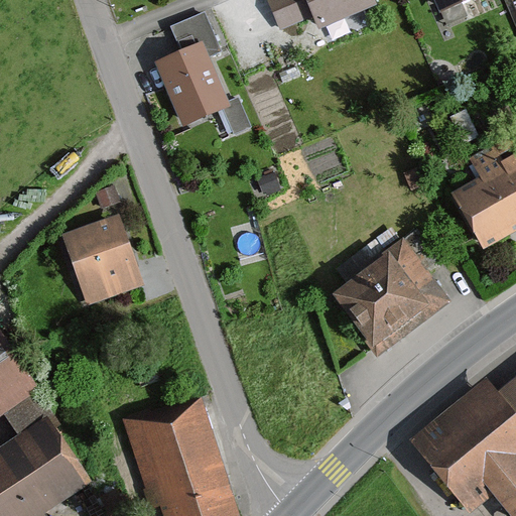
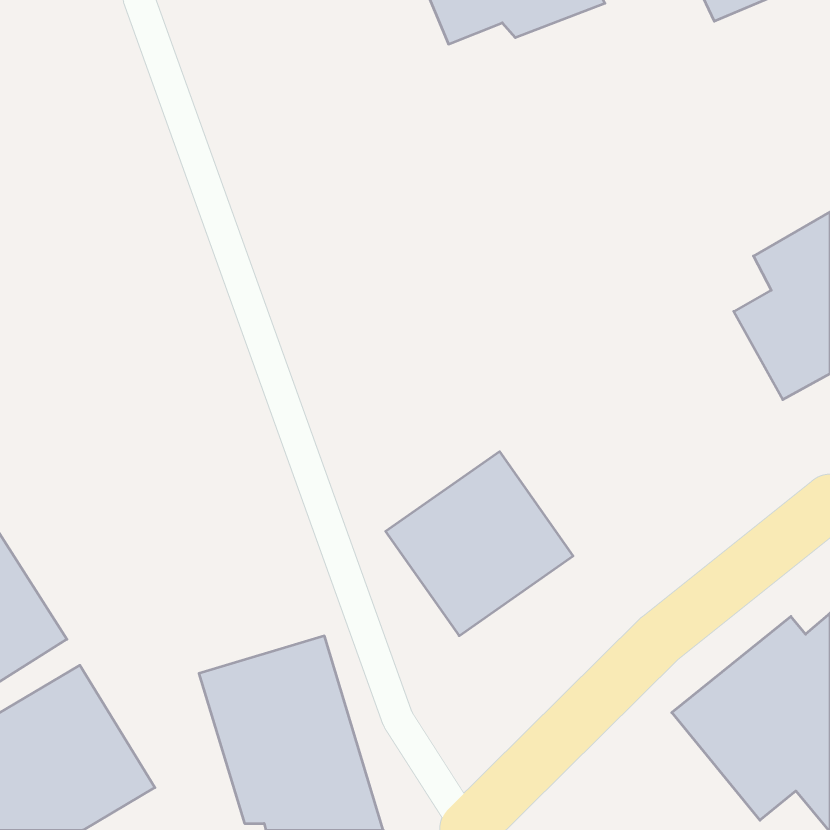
building: [157,16,251,140] -> none
building: [61,217,142,306] -> none
building: [333,239,448,353] -> [386,452,573,636]

